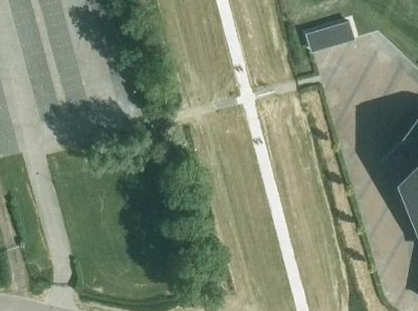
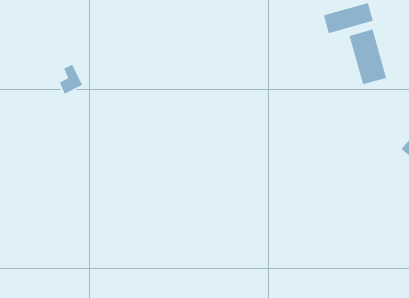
building: none -> [349,29,387,85]

